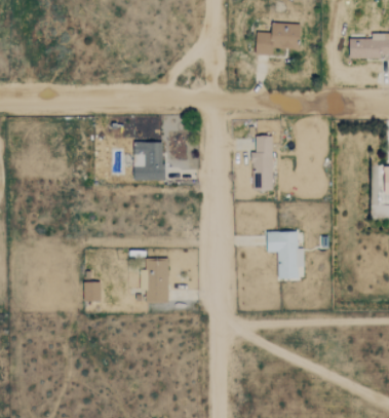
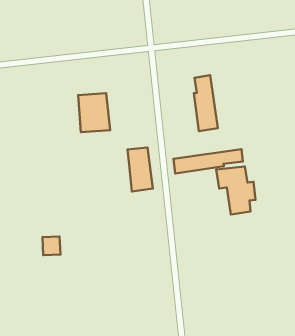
building: none -> [173,149,243,174]
building: [148,260,169,303] -> [128,148,153,192]

